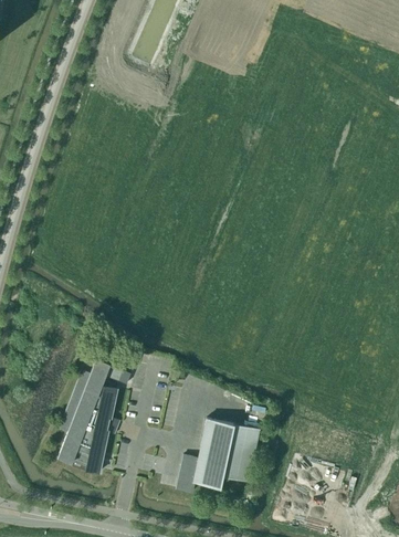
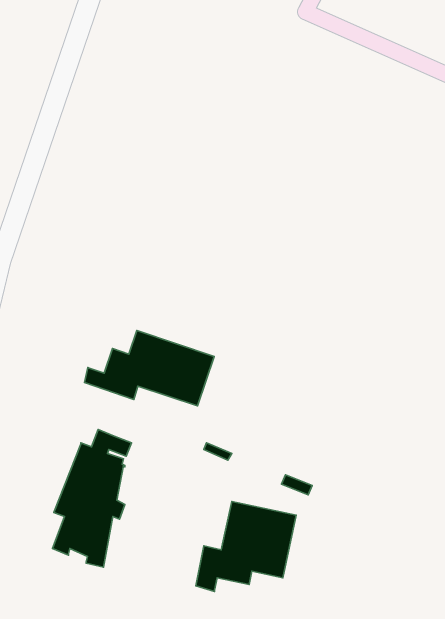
building: none -> [84,330,214,406]

